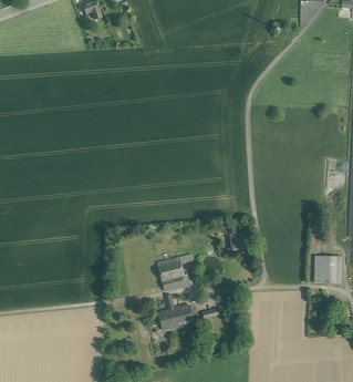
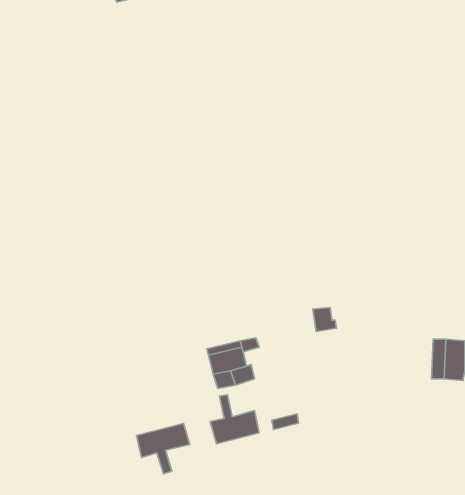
building: none -> [137,423,190,474]

